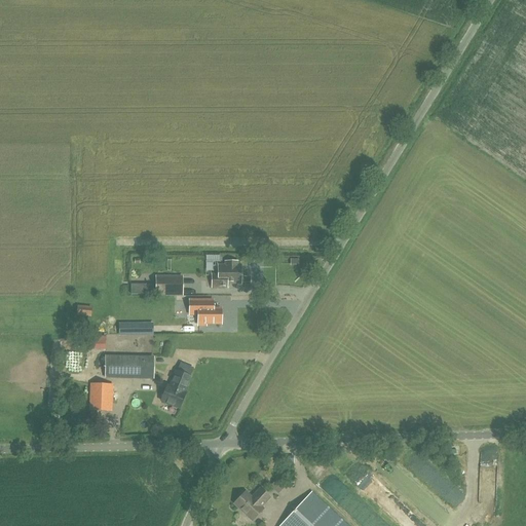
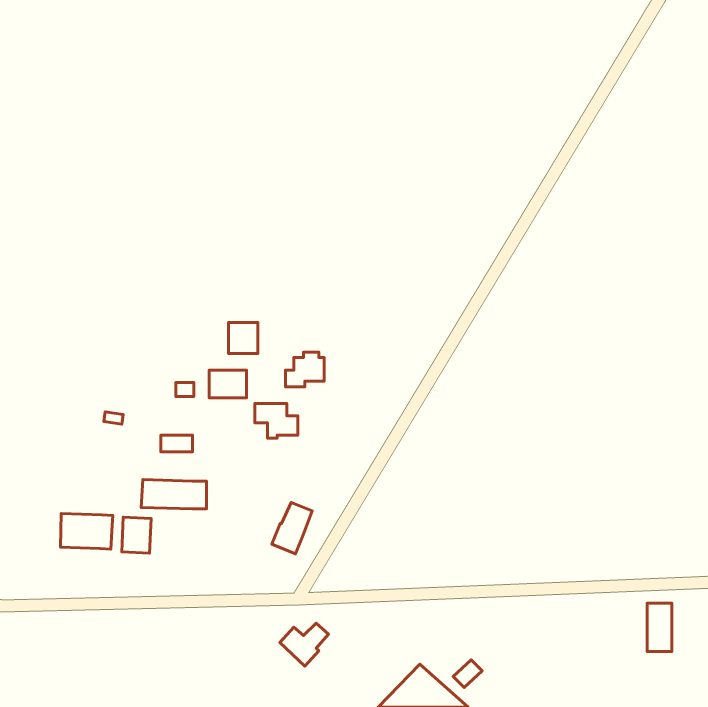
building: none -> [228,323,258,354]
building: [161,370,191,408] -> [272,503,312,554]
building: none -> [60,513,113,549]
building: [234,488,270,520] -> [280,623,328,666]

